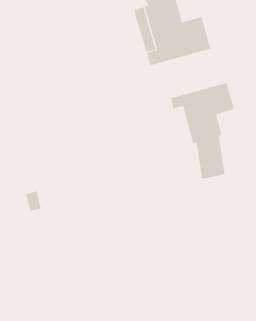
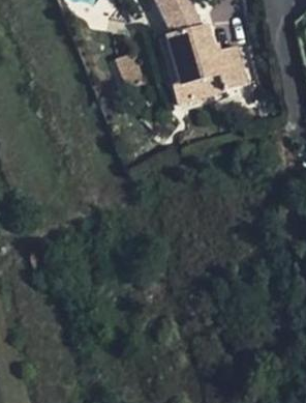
building: [170,82,235,180] -> none

